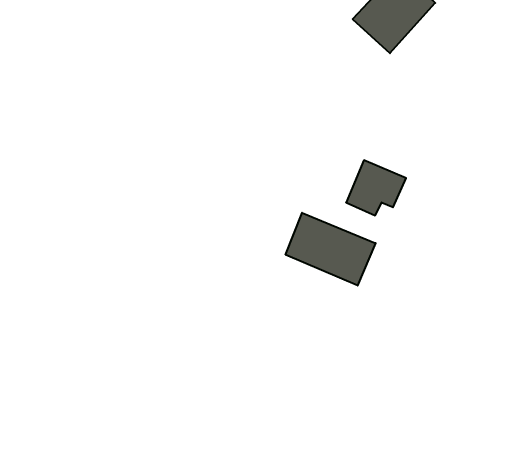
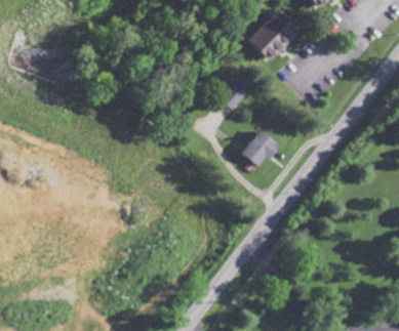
building: [286,213,376,286] -> none

